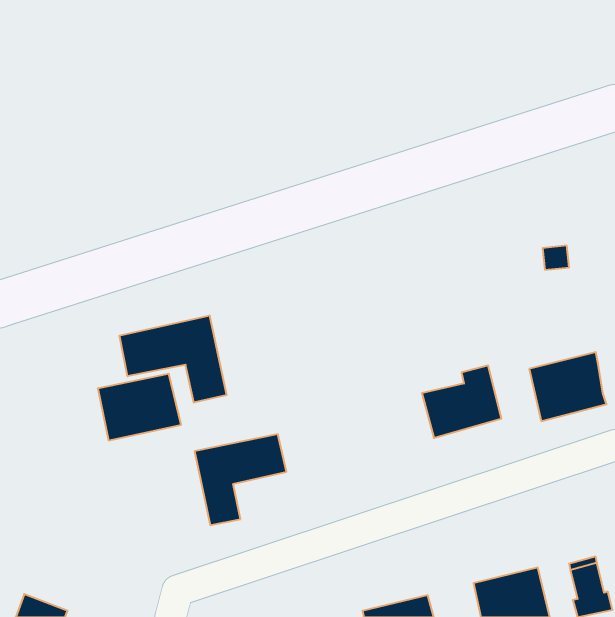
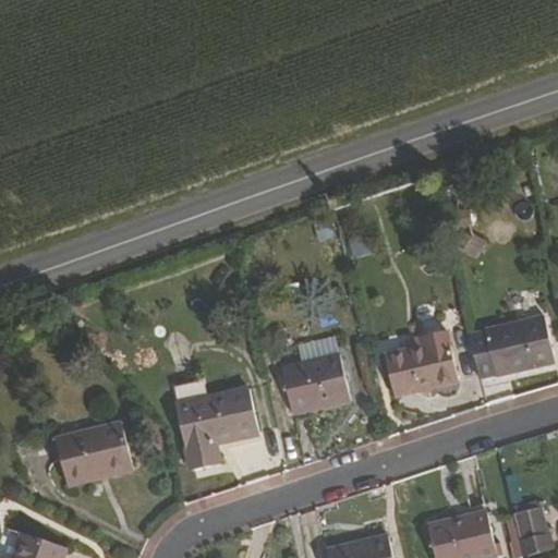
building: [119,315,227,403] -> none
building: [98,374,181,440] -> [60,425,135,485]
building: none -> [278,354,349,415]

